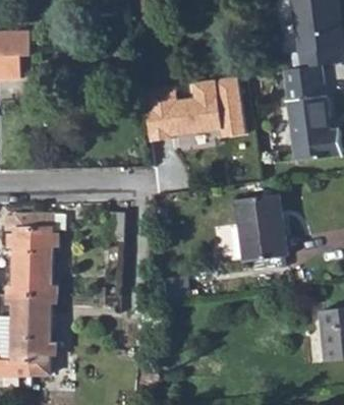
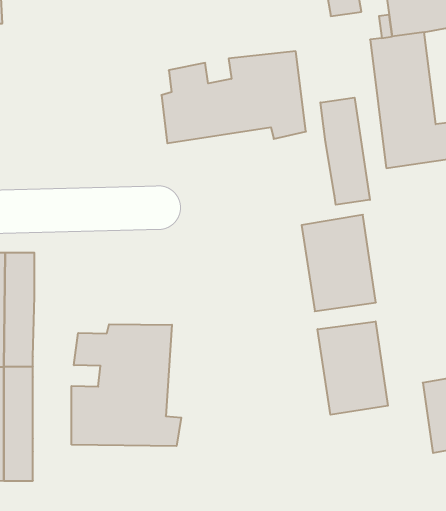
building: none -> [320,98,370,205]
building: none -> [318,321,388,415]
building: none -> [72,324,181,446]

